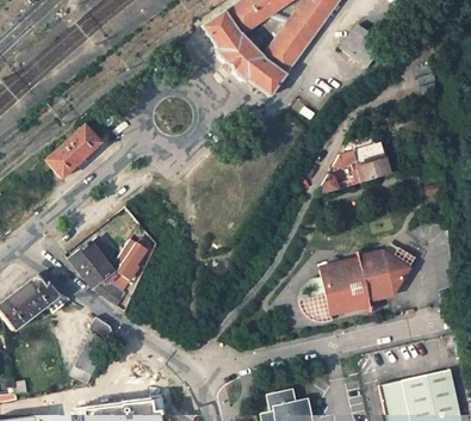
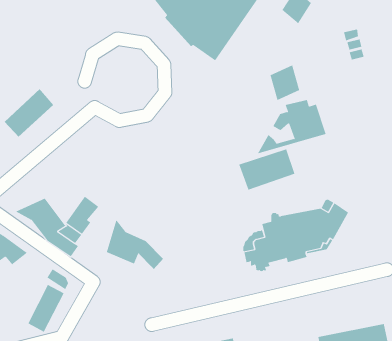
building: none -> [270,65,300,101]
building: none -> [238,149,295,191]
building: none -> [106,219,164,270]

